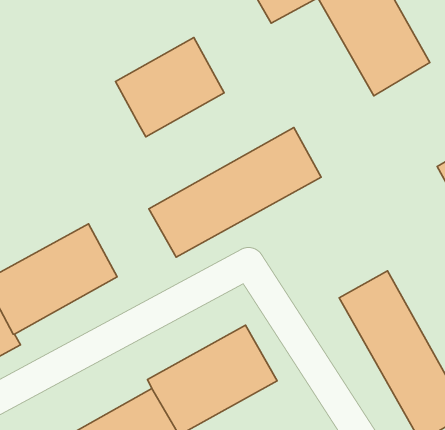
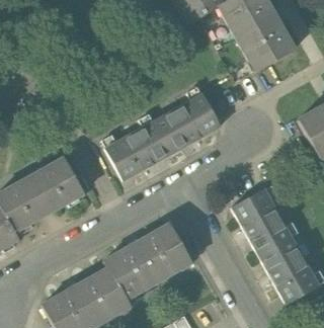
building: [115,37,224,137] -> none

